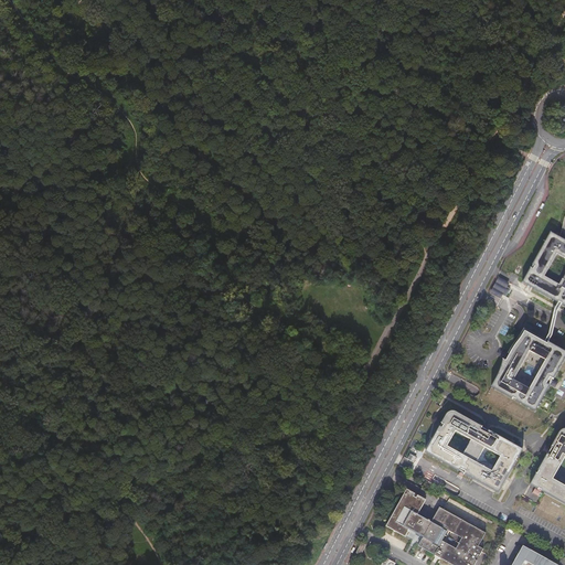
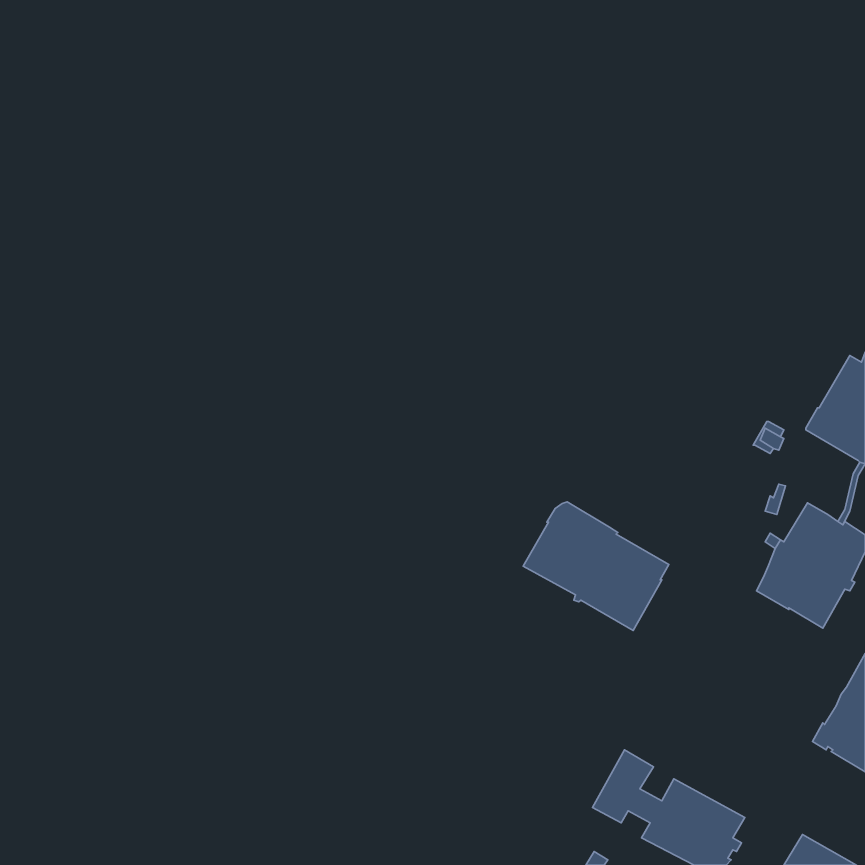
building: [427,408,522,492] -> [523,502,669,631]

